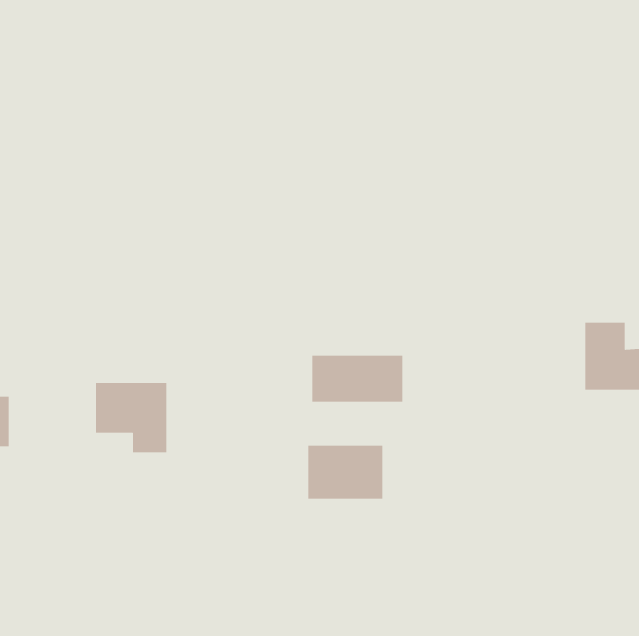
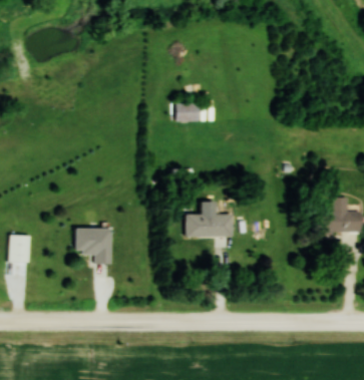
building: none -> [175,102,201,120]
building: [308,445,383,499] -> none

